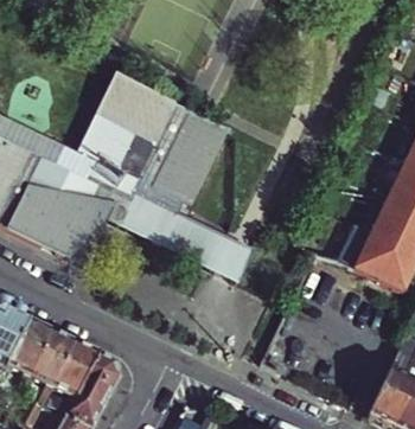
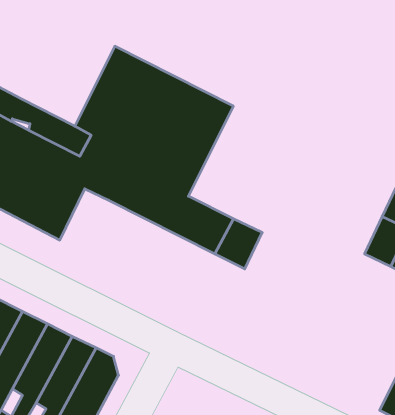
building: [65,204,111,263] -> none

